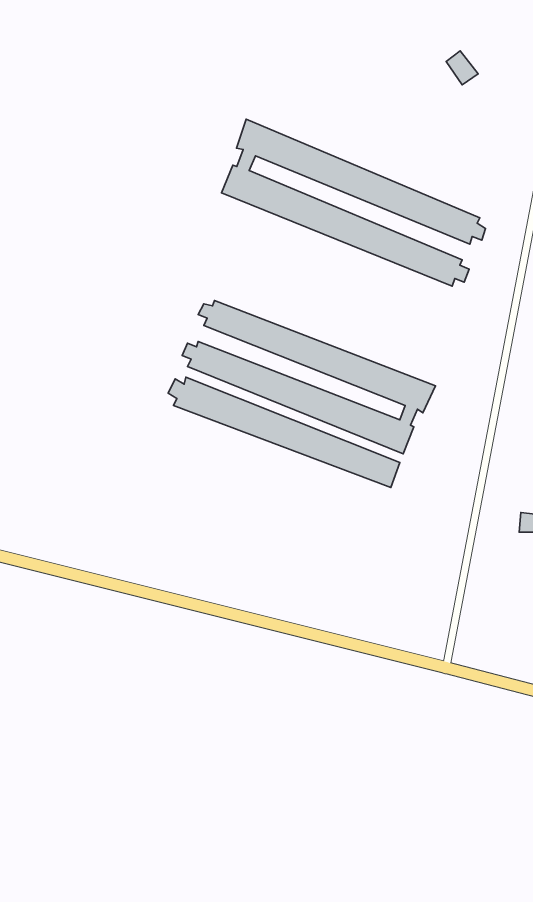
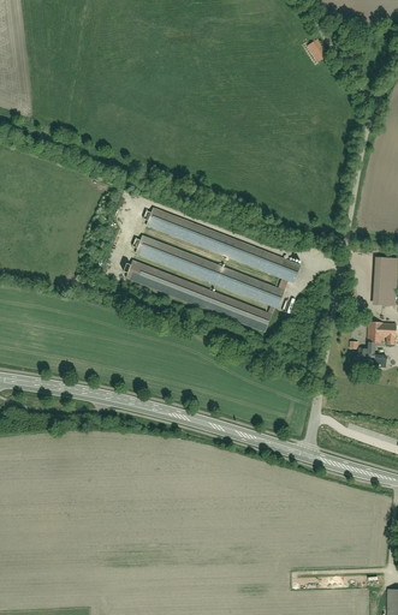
building: [222,119,485,286] -> none

